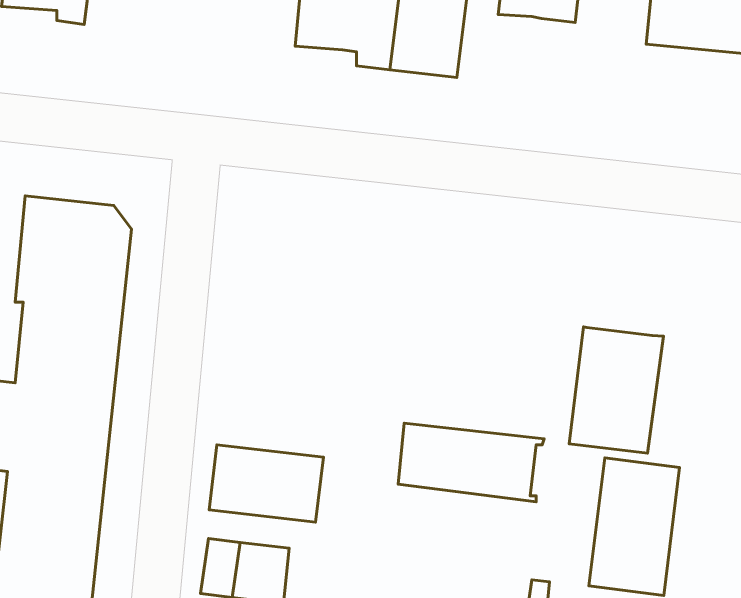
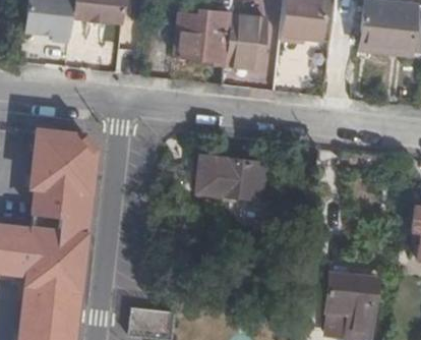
building: [569,327,663,453] -> none
building: [398,423,544,502] -> [195,158,270,199]
building: [209,445,323,522] -> none

